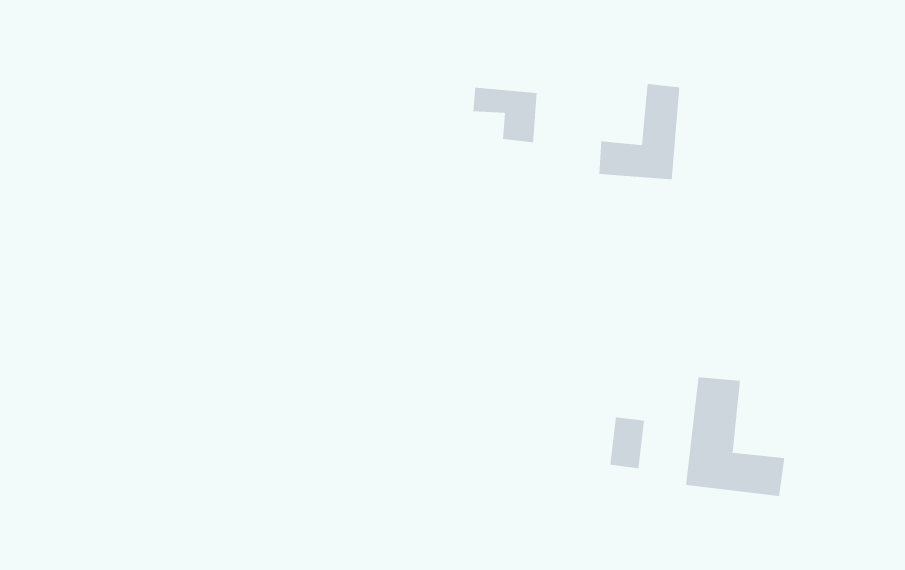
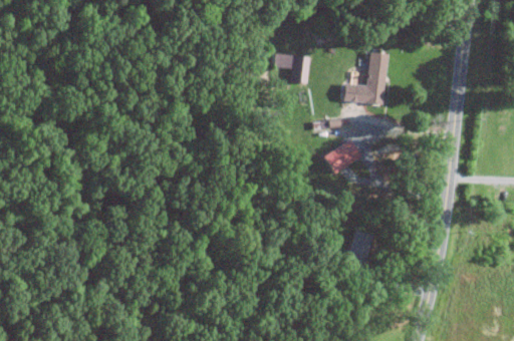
building: none -> [322,140,360,175]
building: [685,376,785,497] -> none

